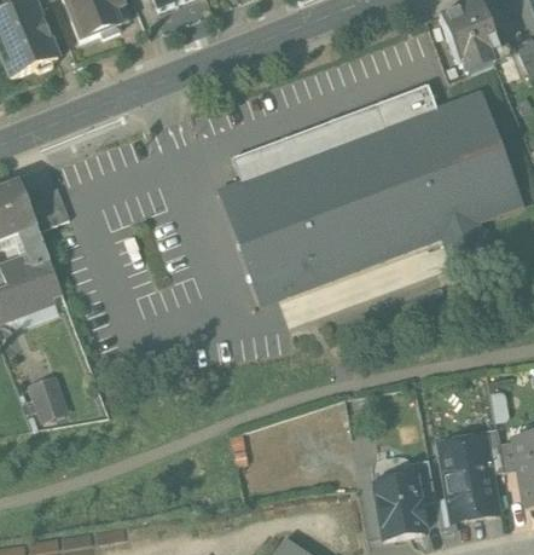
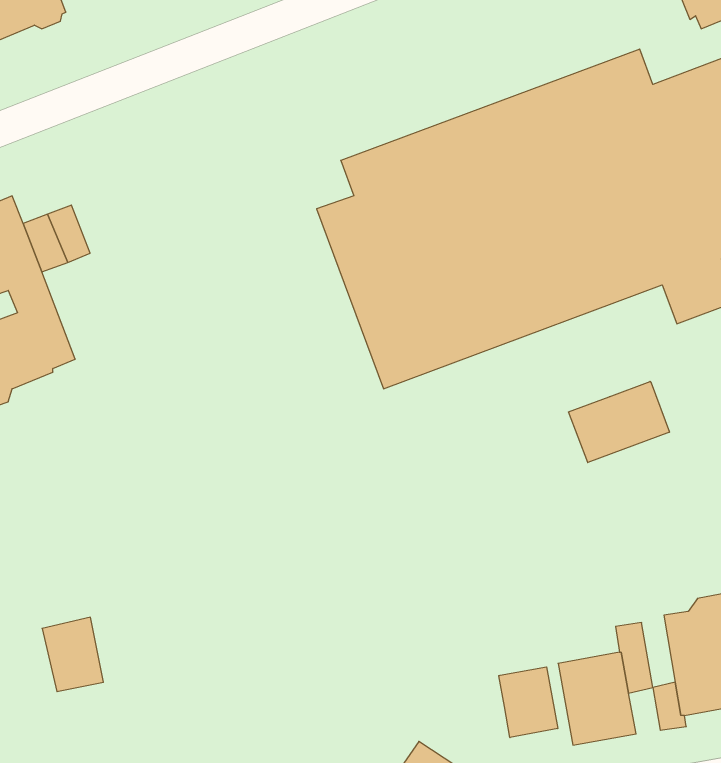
building: none -> [568,381,669,463]
building: [30,371,70,420] -> [42,617,103,692]
building: none -> [499,667,558,738]

